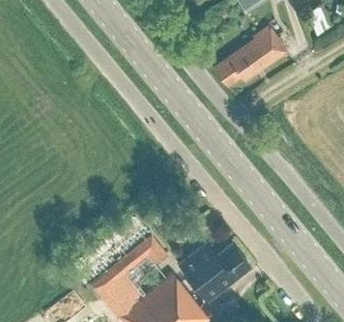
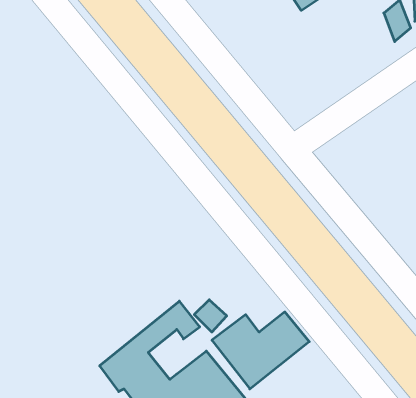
building: [214,27,287,87] -> none

